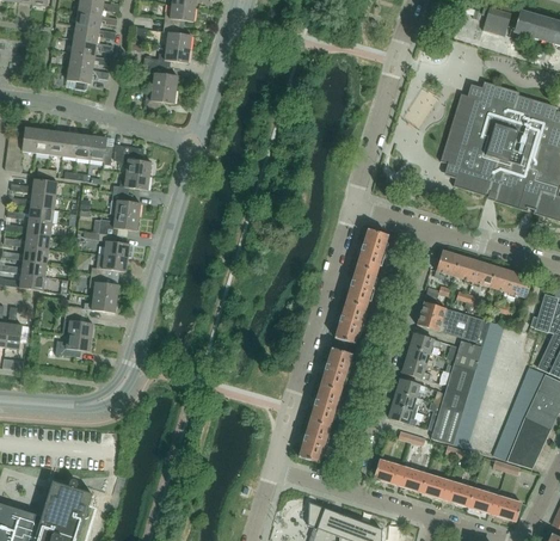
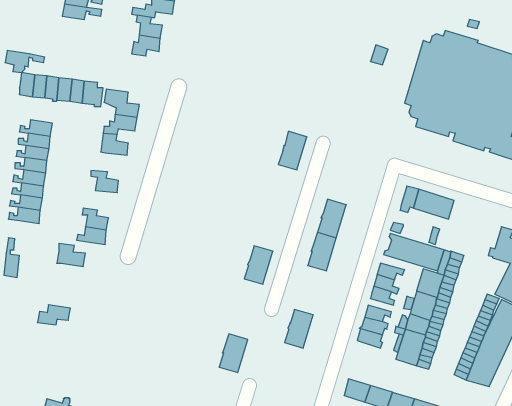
building: [67,66,110,90] -> [5,50,45,72]
building: [99,214,140,234] -> none
building: [357,228,388,270] -> [278,131,307,170]
building: [92,253,129,276] -> none
building: [488,265,533,296] -> none
building: [56,333,92,355] -> [37,305,70,325]
building: [321,348,352,389] -> [244,246,273,284]
building: [300,419,331,461] -> [219,334,248,373]

